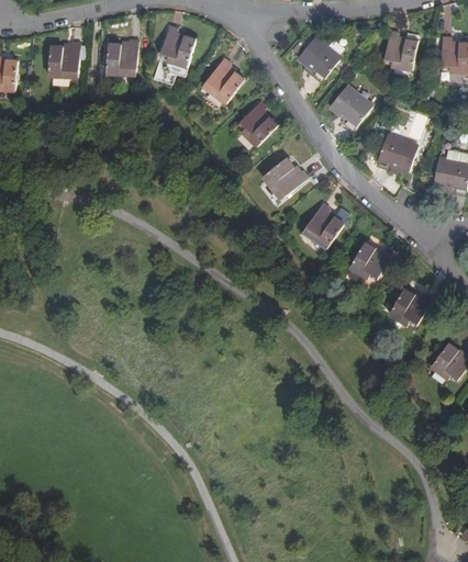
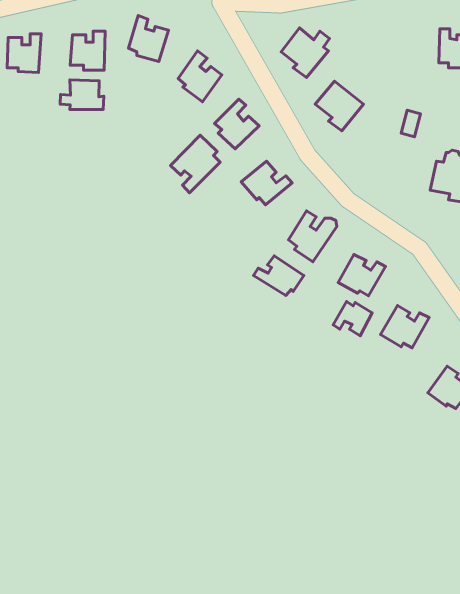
building: [383,31,417,69] -> none
building: none -> [60,80,104,110]
building: none -> [171,135,220,193]
building: [376,134,423,171] -> none
building: none -> [253,256,304,296]
building: none -> [333,301,372,336]

